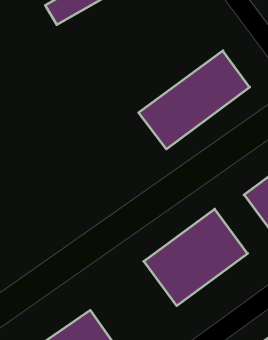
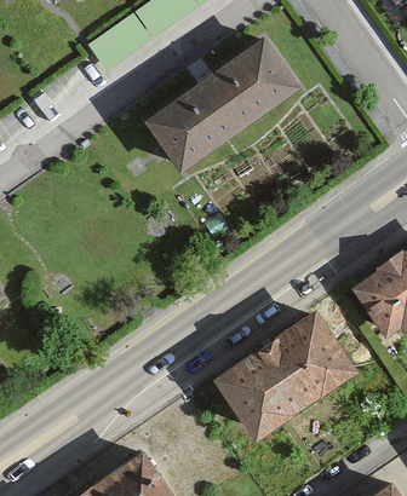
building: [139,51,250,149] -> [145,40,297,174]

